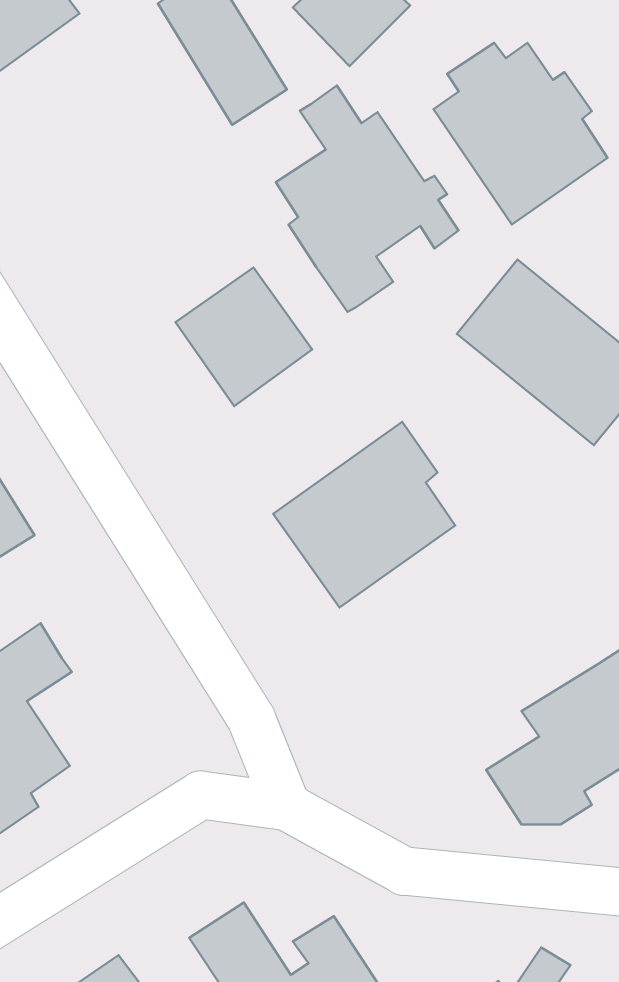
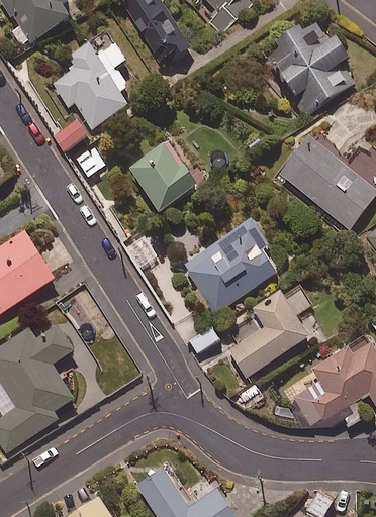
building: none -> [51,27,131,149]
building: [276,85,458,312] -> none
building: none -> [225,279,311,379]

